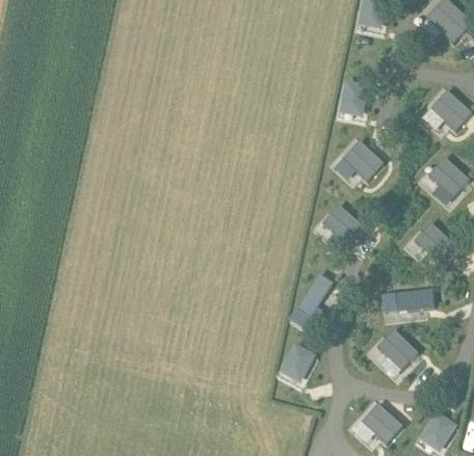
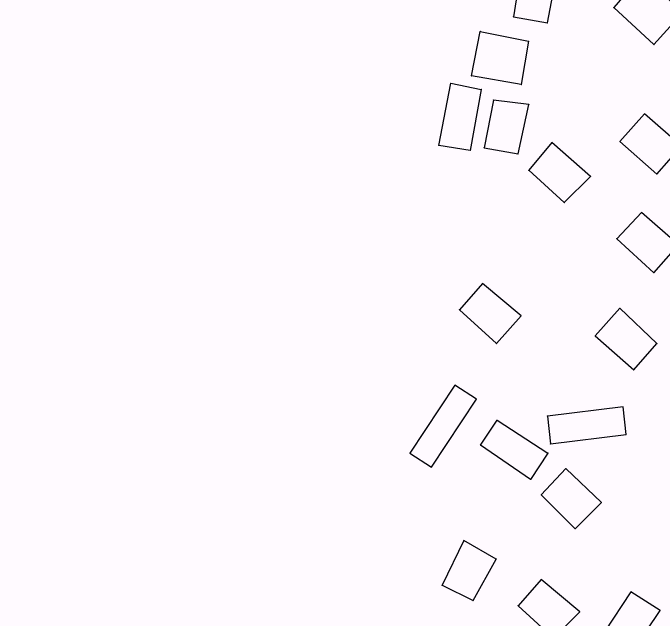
building: none -> [472,31,529,85]
building: none -> [439,83,481,150]
building: [343,140,385,181] -> [529,143,591,203]
building: none -> [481,420,548,479]
building: [280,343,316,383] -> [442,541,496,601]

